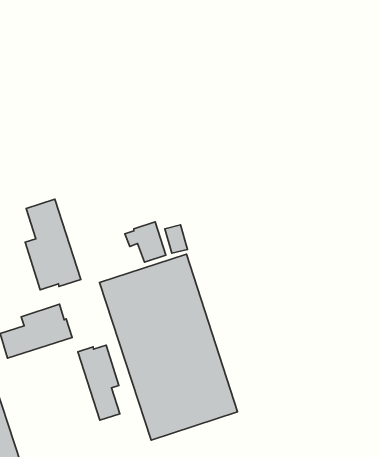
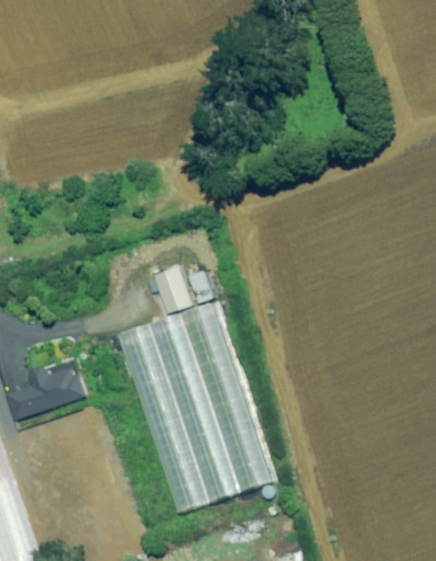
building: [25,199,81,290] -> none
building: [78,345,120,420] -> none

